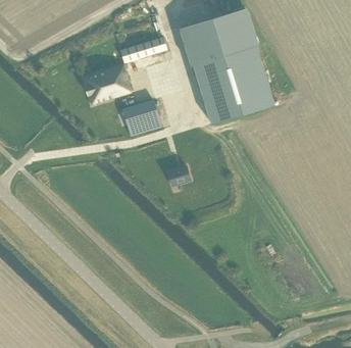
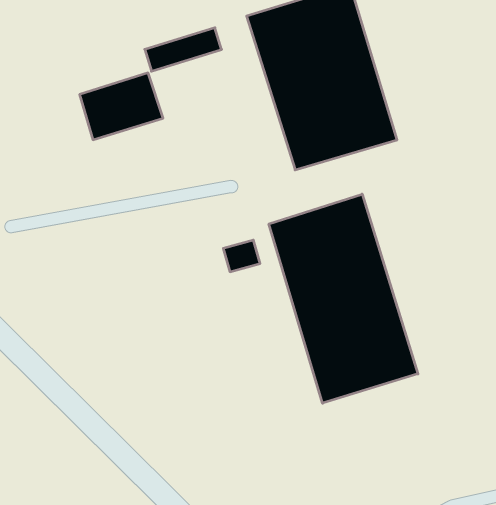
building: [121,98,162,136] -> none
building: none -> [269,194,418,403]

